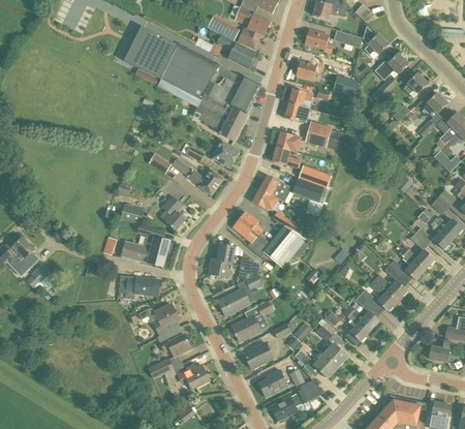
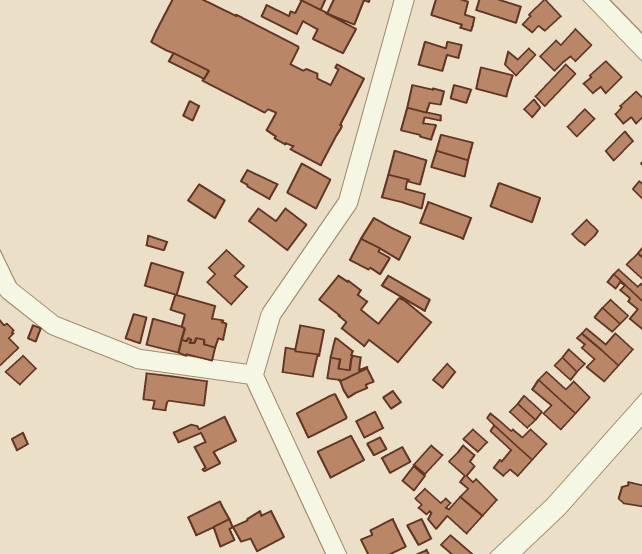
building: [291,177,323,202] -> [490,184,540,222]
building: [158,332,191,356] -> none
building: [244,341,274,368] -> none

